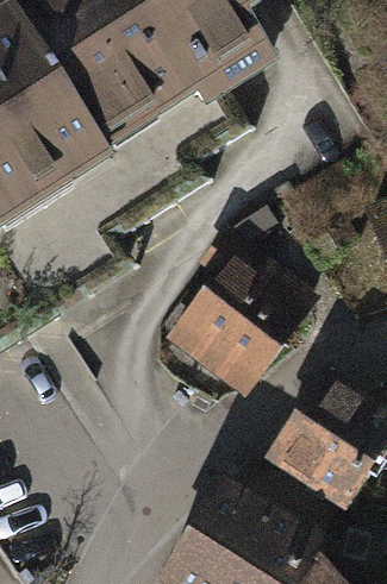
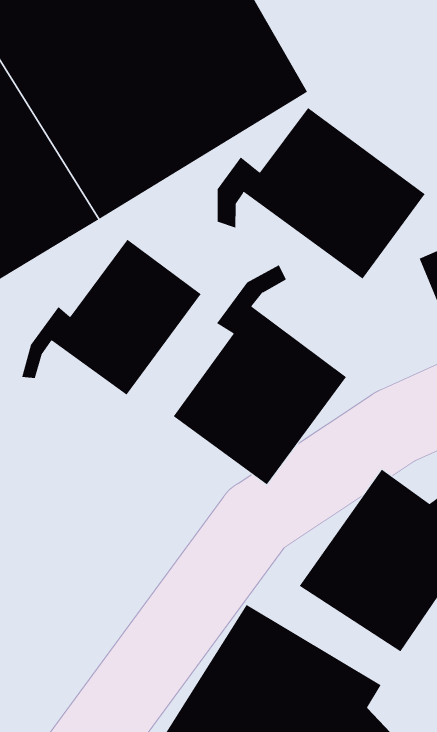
building: none -> [217,107,425,280]
building: none -> [22,239,201,396]

